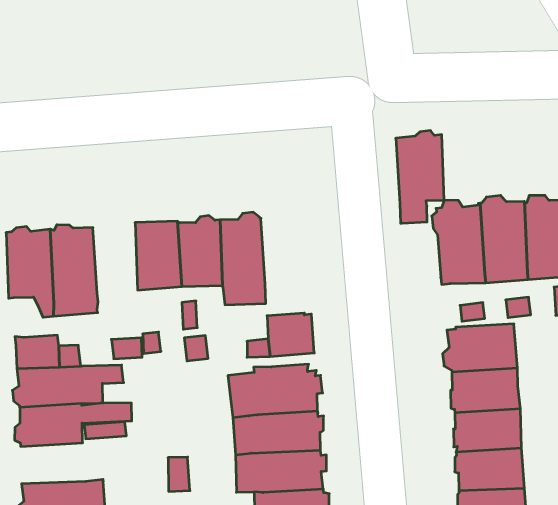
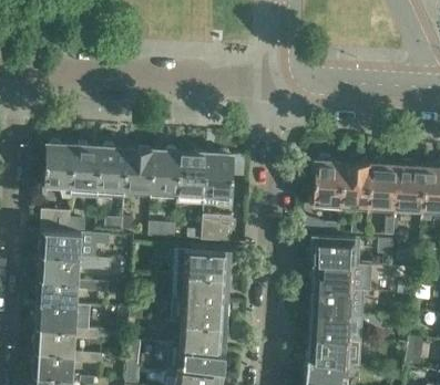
building: [396,131,444,223] -> [203,153,235,209]
building: none -> [99,145,127,190]
building: none -> [35,279,109,305]

